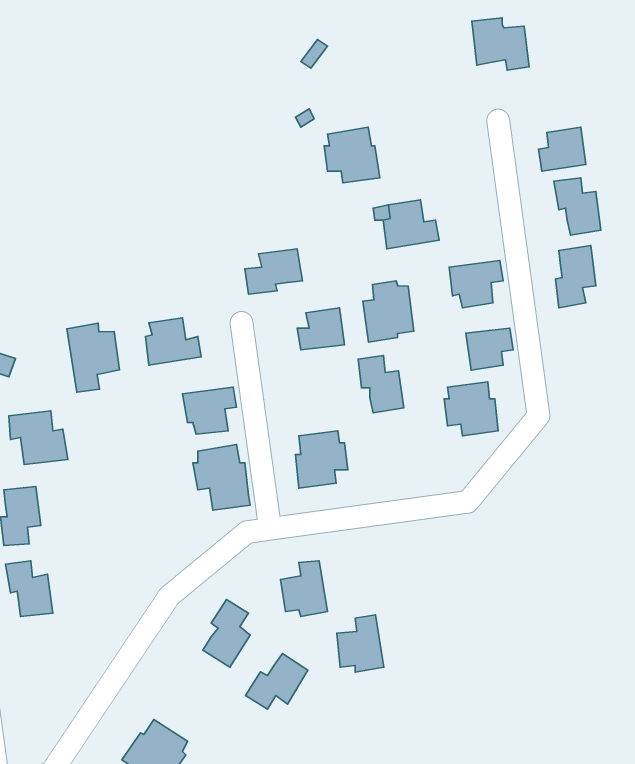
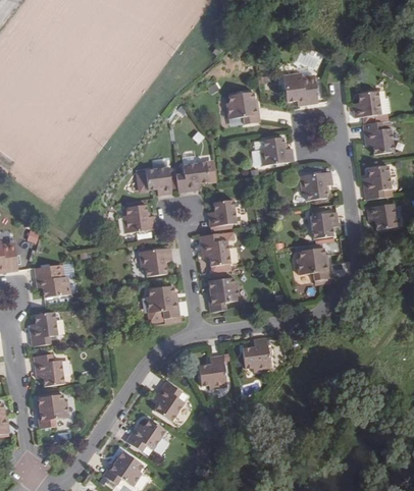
building: [472,18,529,70] -> [282,73,317,105]
building: none -> [137,167,170,197]
building: [363,281,414,342] -> none
building: none -> [367,205,397,229]
building: [67,323,119,392] -> none
building: [358,356,404,413] -> [200,234,227,269]
building: [337,615,384,672] -> [241,335,269,370]
building: none -> [35,392,66,428]
building: [245,653,308,709] -> [124,414,162,447]

